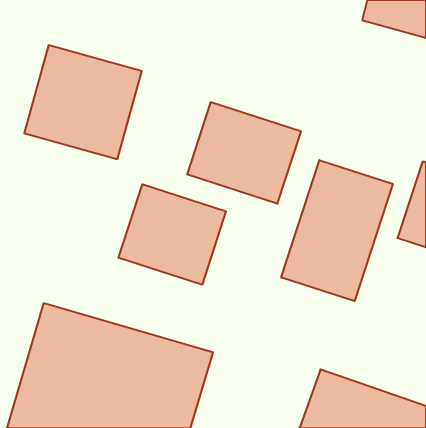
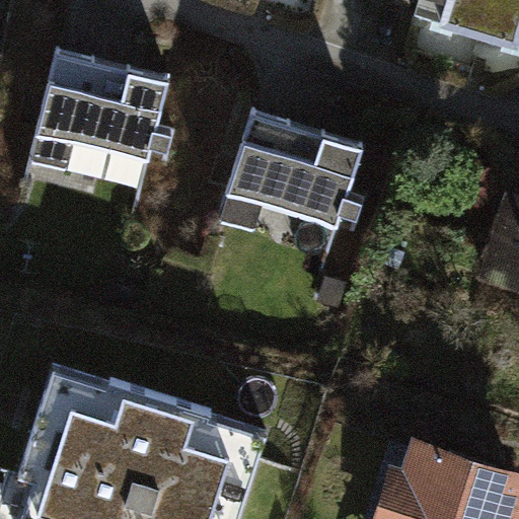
building: [281,160,393,301] -> none
building: [119,184,226,285] -> none

